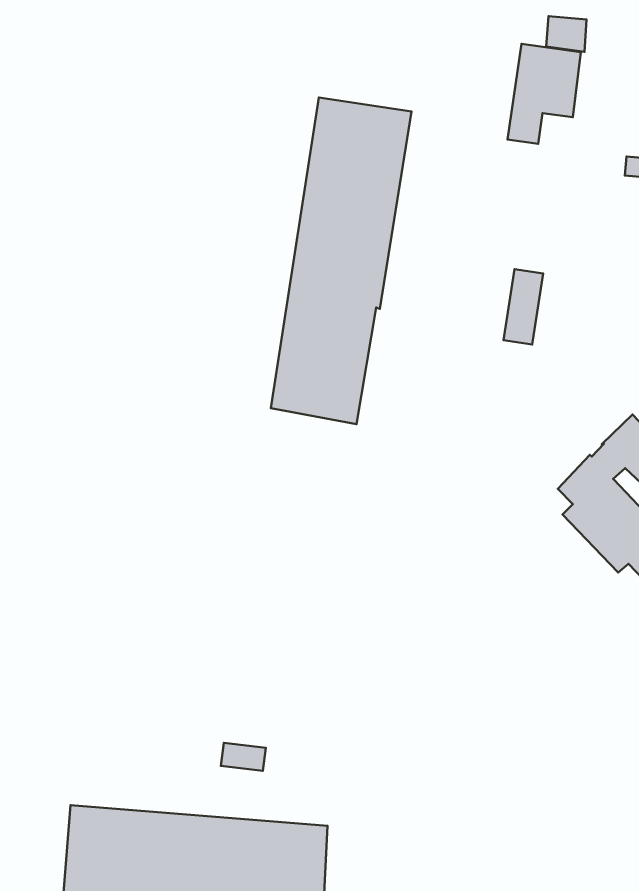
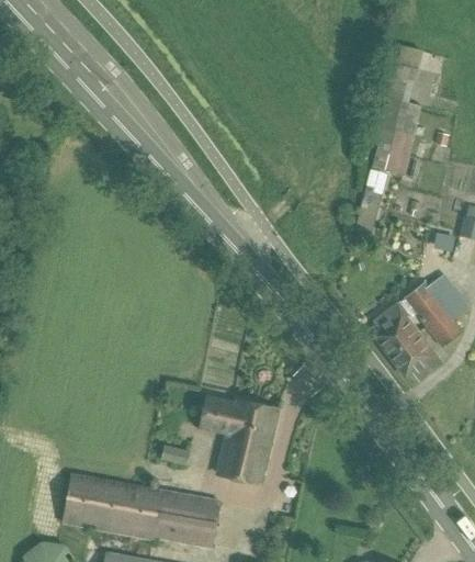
building: [271,98,412,424] -> none
building: none -> [373,101,420,175]
building: none -> [200,397,276,483]

